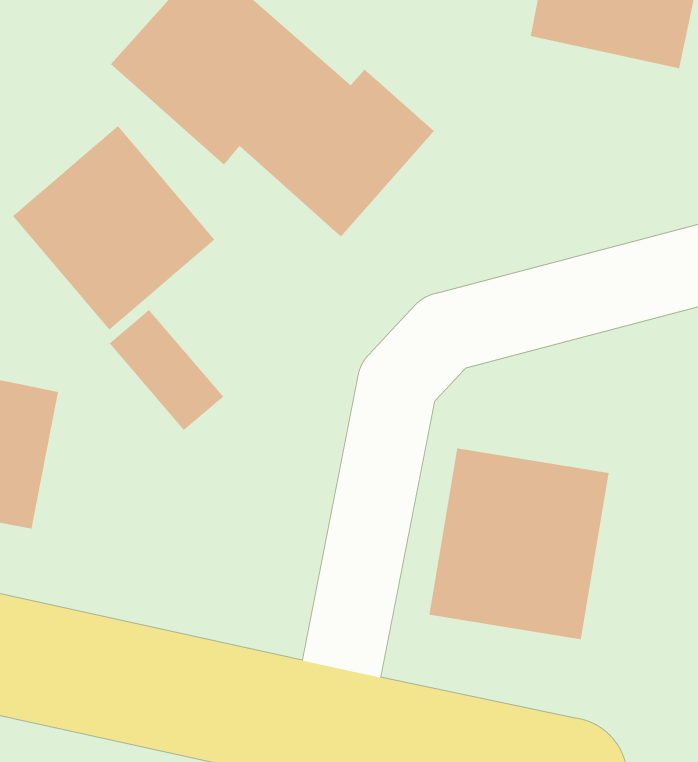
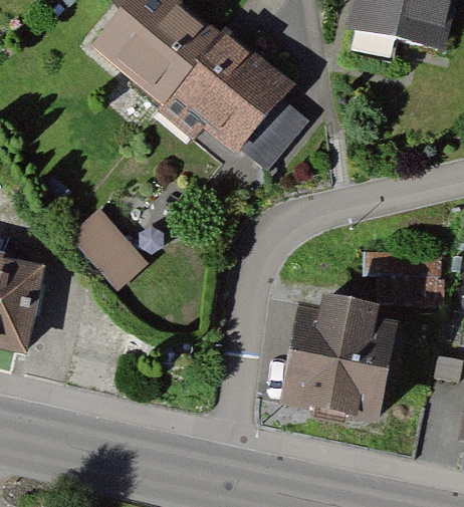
building: [12,125,215,330] -> none

